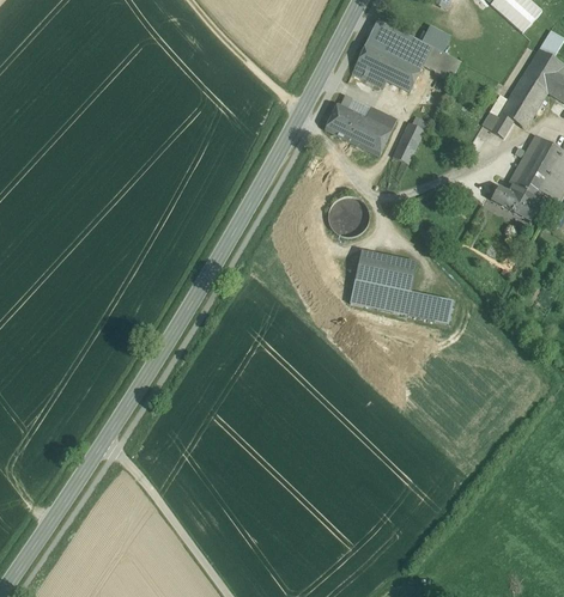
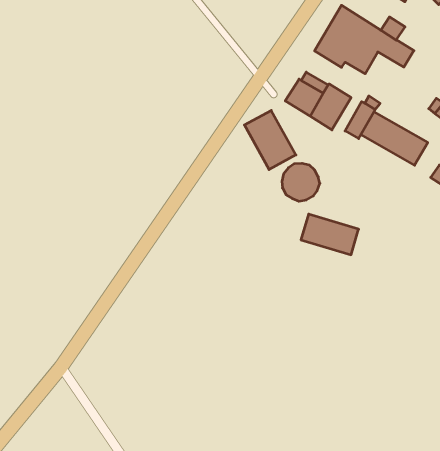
building: none -> [361,112,428,165]
building: none -> [244,110,296,170]
building: [350,279,453,323] -> none

